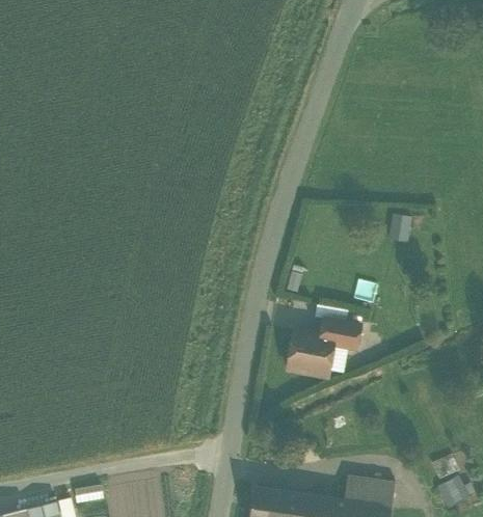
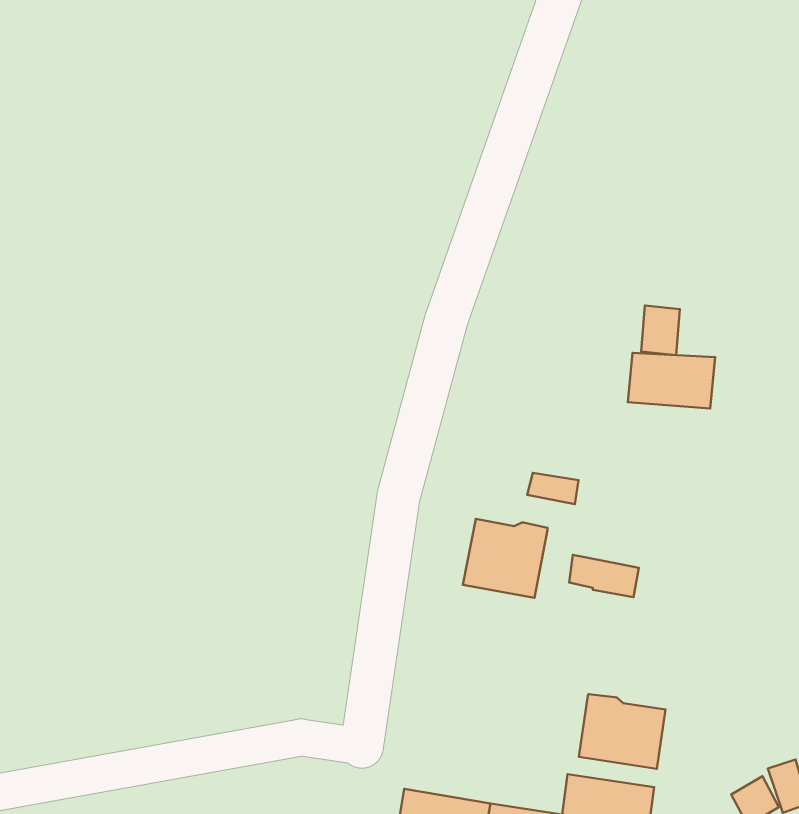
building: none -> [628,353,715,409]
building: [321,320,360,344] -> [569,555,639,597]
building: none -> [579,694,665,769]

